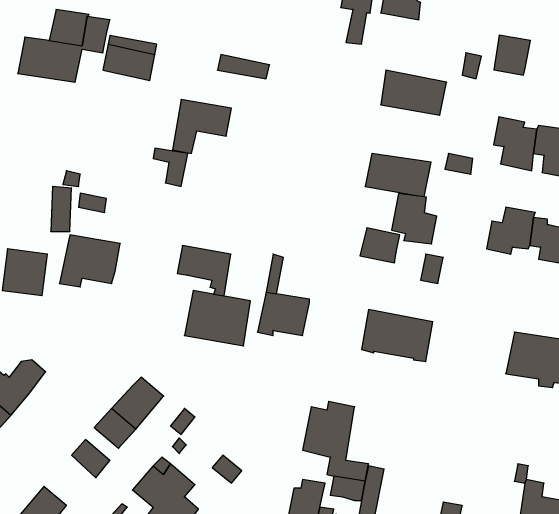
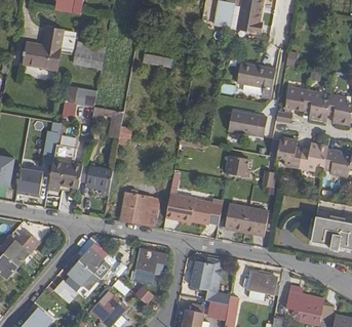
building: [494,35,530,75] -> [285,86,307,110]
building: [172,100,231,153] -> [61,85,95,117]
building: [392,194,437,244] -> [276,137,303,167]
building: [177,246,231,296] -> [80,164,112,194]
building: none -> [191,198,223,223]
building: none -> [134,248,166,283]
building: none -> [247,272,279,299]
building: none -> [285,290,315,313]

